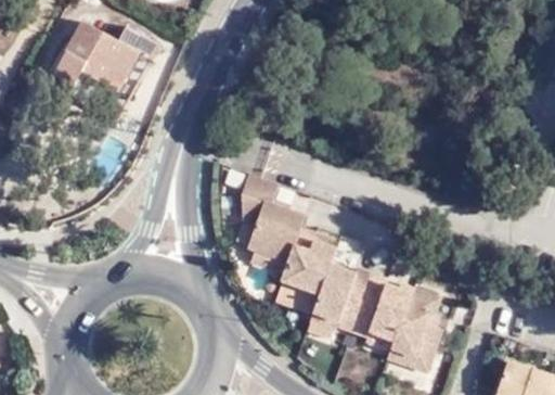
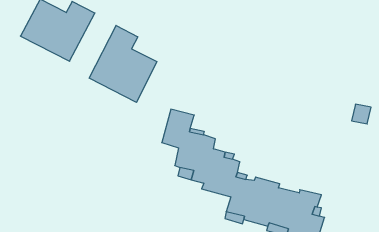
building: none -> [89,25,157,102]

